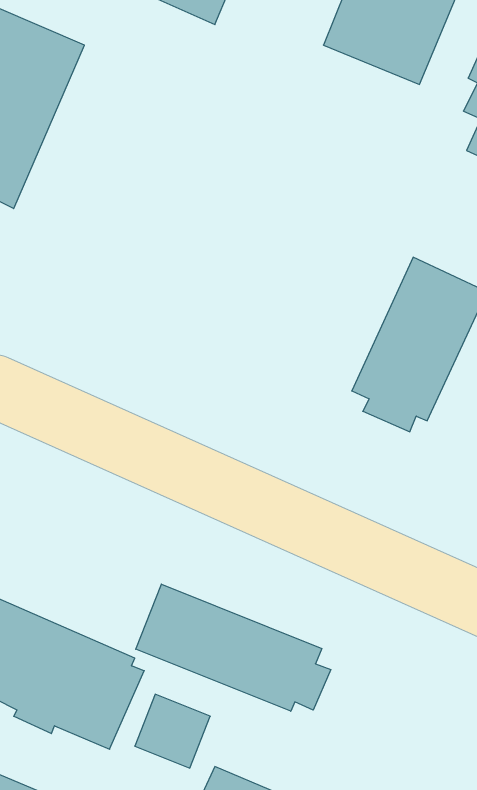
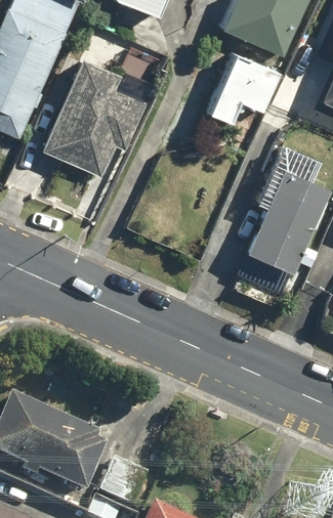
building: none -> [208,48,284,125]
building: none -> [42,57,150,177]
building: [136,584,331,711] -> none

